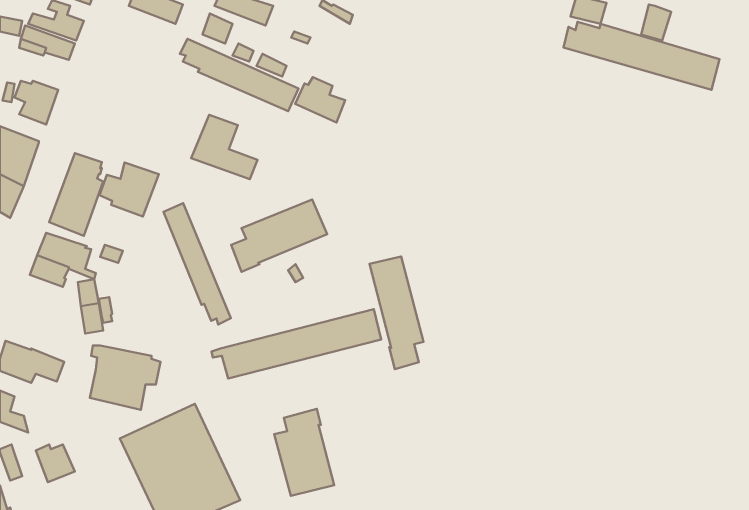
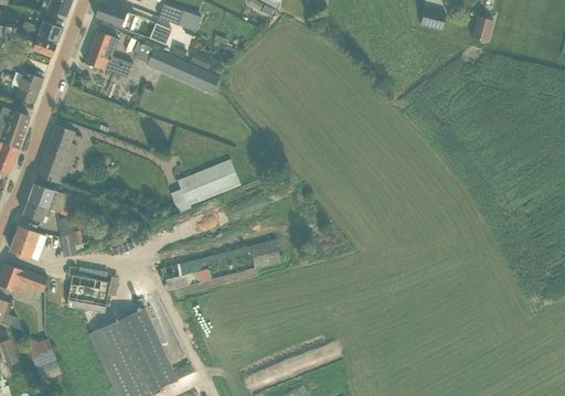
building: [564,22,720,90] -> none
building: [295,77,345,122] -> none
building: [191,115,257,179] -> [84,31,132,78]
building: [100,163,159,217] -> none
building: [164,203,231,324] -> none
building: [370,256,424,369] -> none
building: none -> [10,226,46,260]
building: [274,409,334,496] -> none

